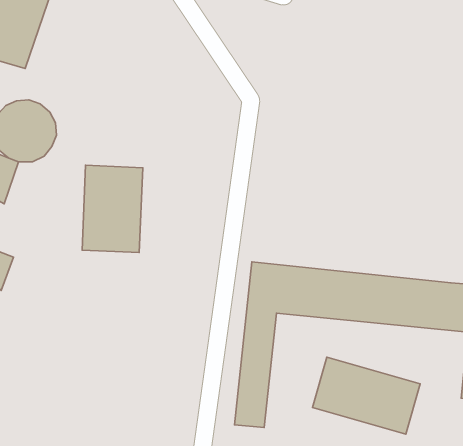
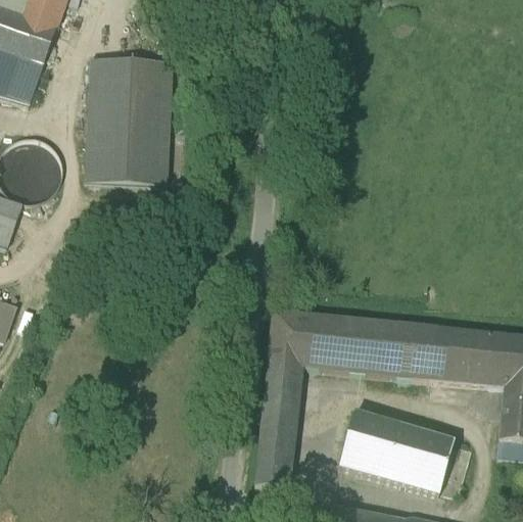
building: none -> [85,56,172,183]
building: [82,165,143,253] -> none

